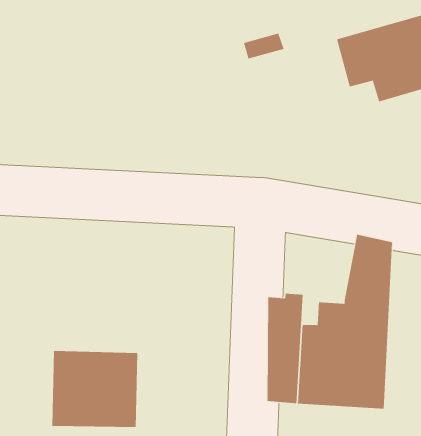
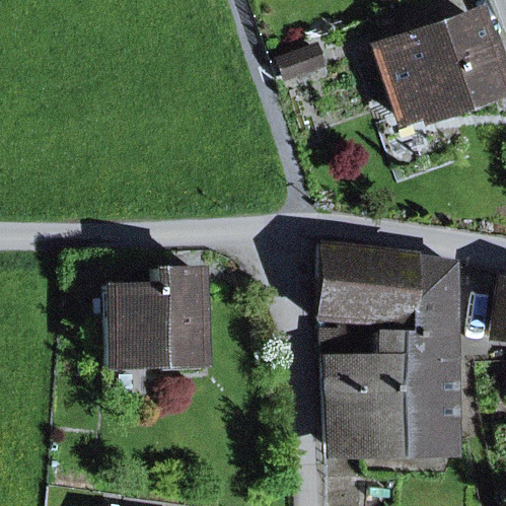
building: none -> [322,245,417,330]
building: [51,350,138,427] -> [110,284,204,368]

